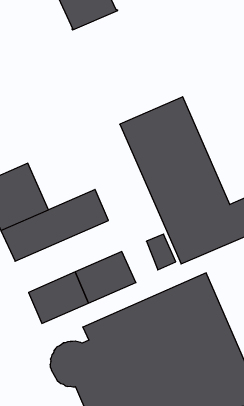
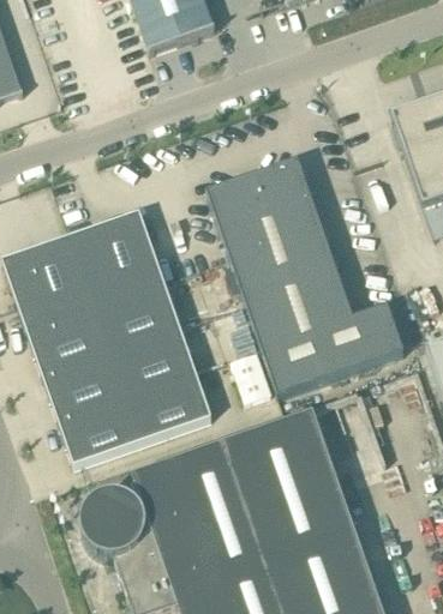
building: none -> [71,211,163,303]
building: none -> [42,325,194,419]

